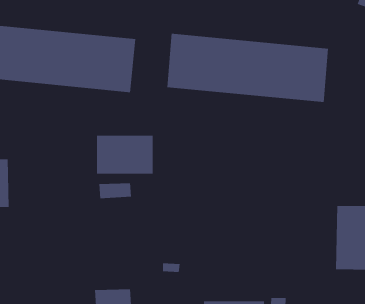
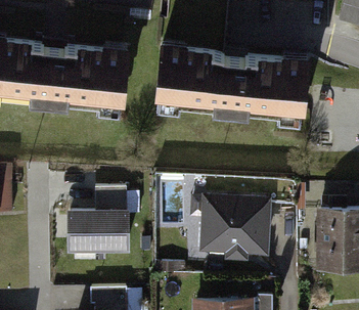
building: [96,135,154,174] -> [72,214,126,251]
building: none -> [201,198,268,256]

